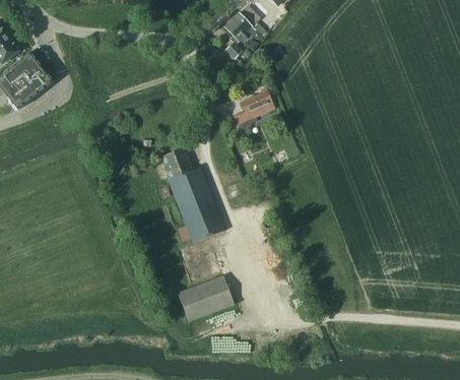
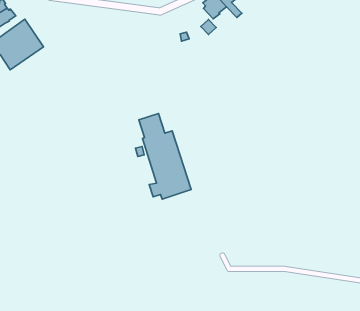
building: [234,87,275,142] -> none
building: [178,275,234,321] -> none

